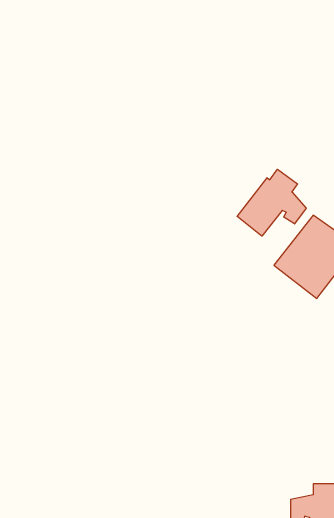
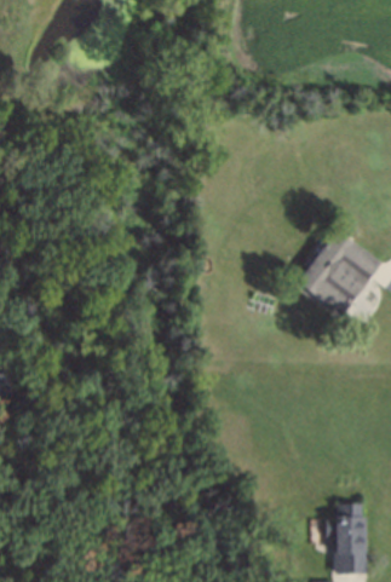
building: [237,169,306,236] -> none

